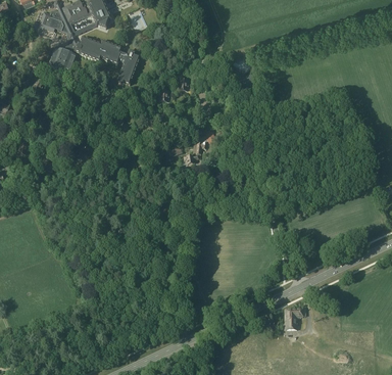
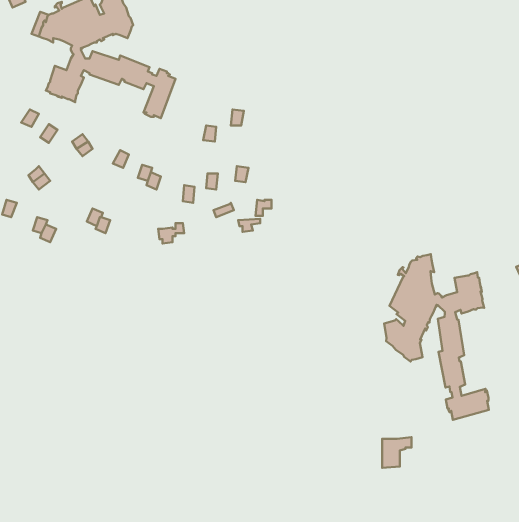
building: none -> [384,254,489,420]

